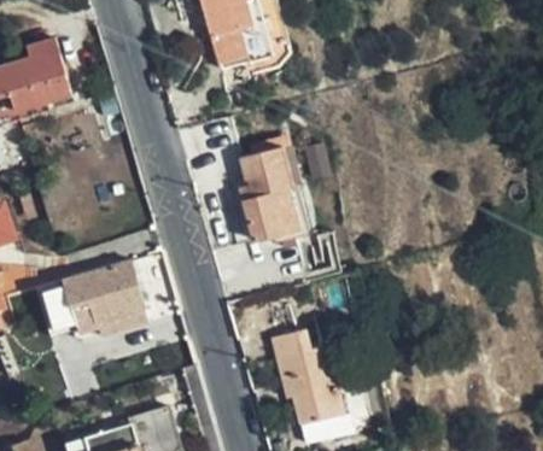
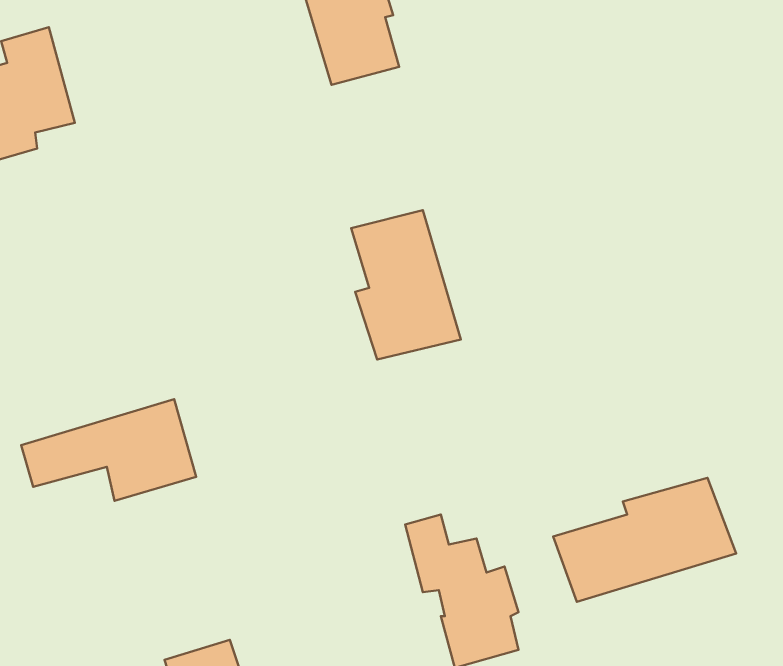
building: none -> [553,478,736,602]

